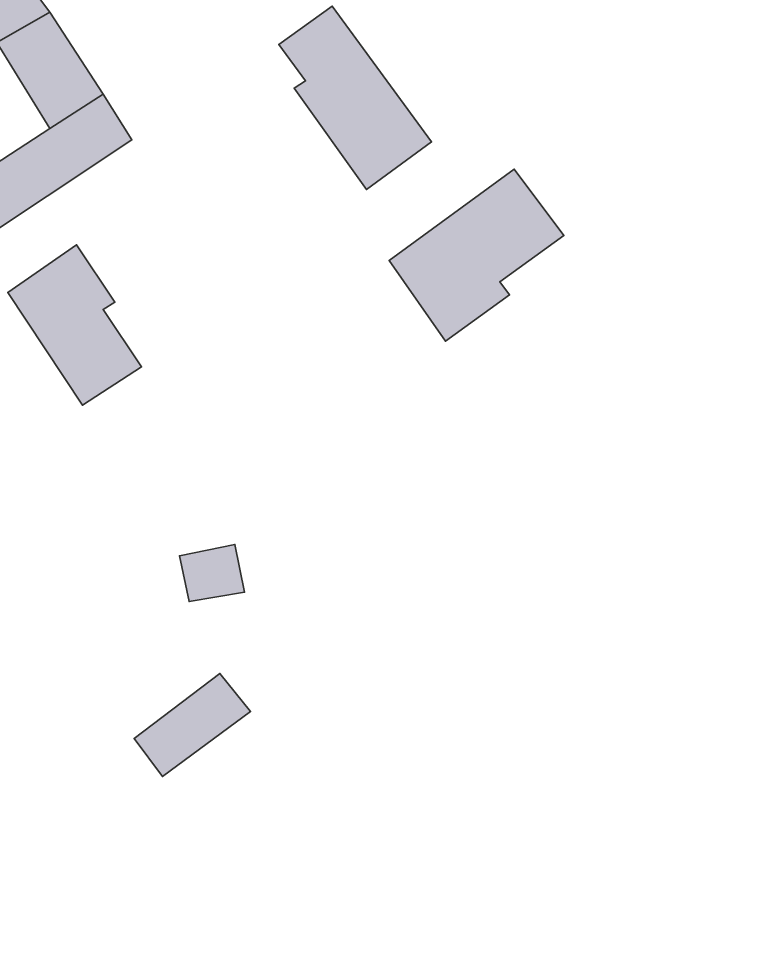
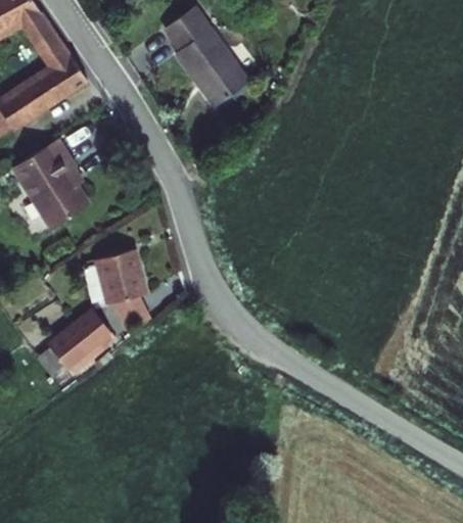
building: [389,169,564,341] -> none
building: none -> [98,251,144,304]
building: [134,673,250,776] -> [50,314,112,369]

